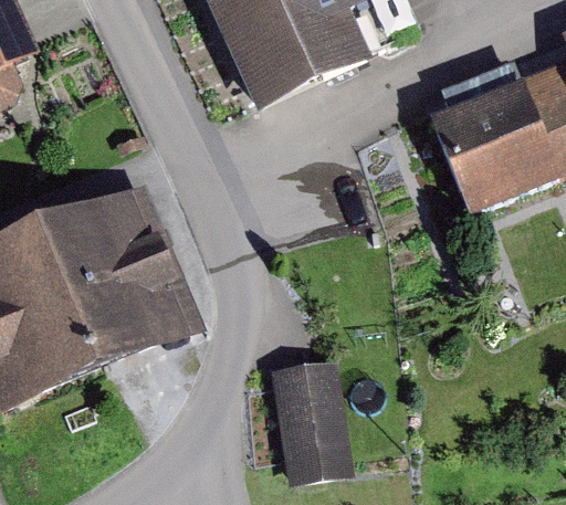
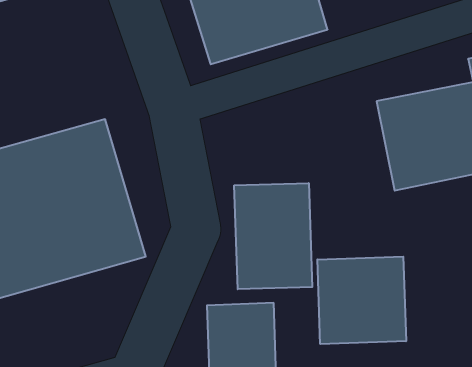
building: none -> [234,183,312,289]
building: none -> [317,257,406,344]

